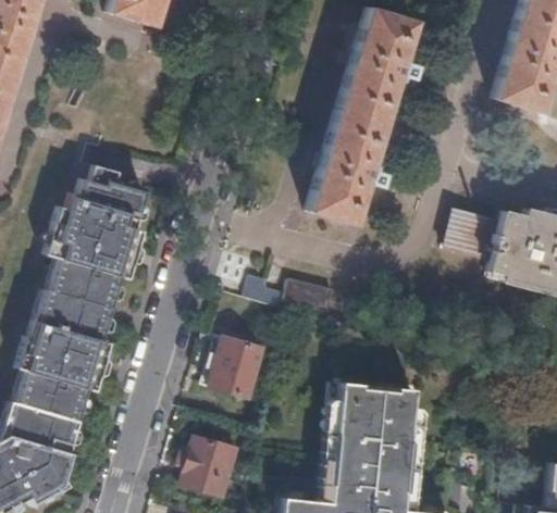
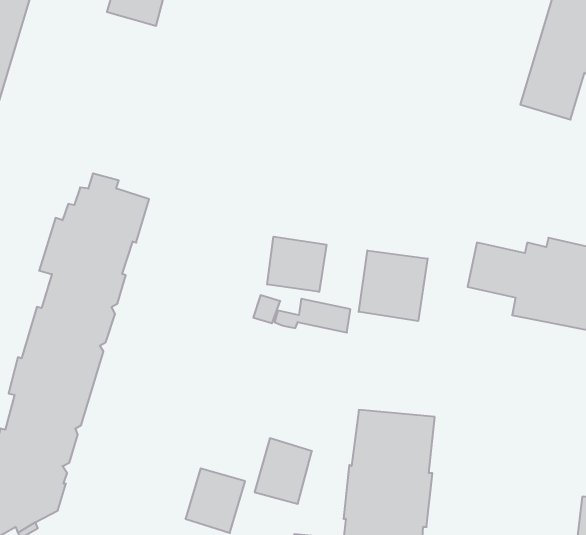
building: [310,8,416,224] -> none
building: none -> [267,237,326,292]
building: none -> [359,250,428,321]
building: [211,336,264,397] -> [255,438,312,504]

